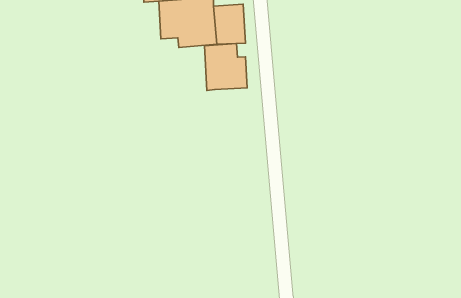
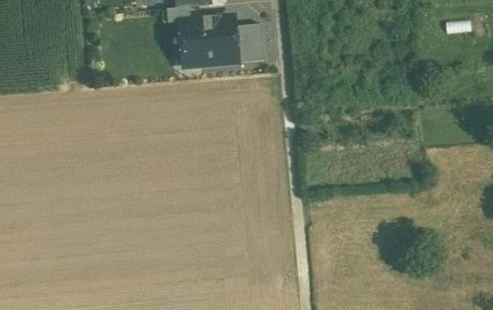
building: [204,43,247,90] -> none

